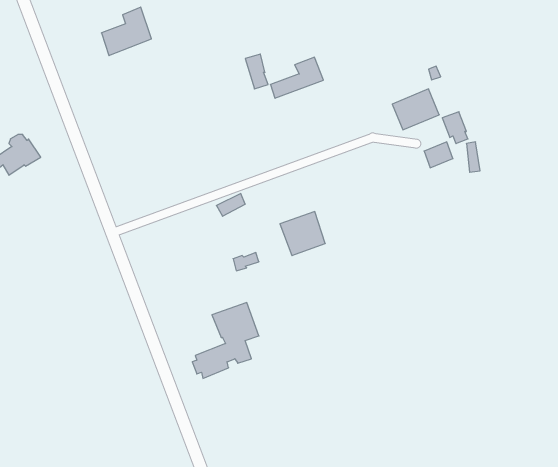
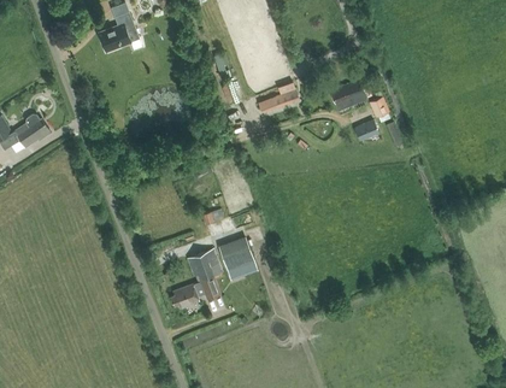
building: [270,57,323,98] -> [258,81,300,113]
building: [280,212,325,256] -> [218,236,254,271]

